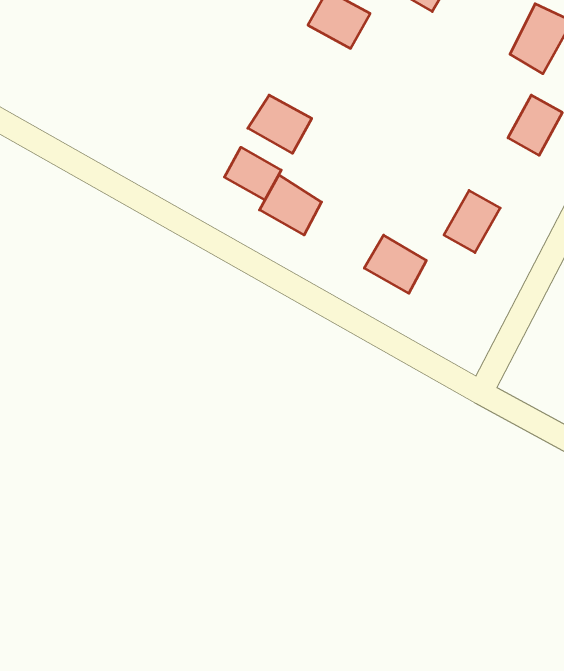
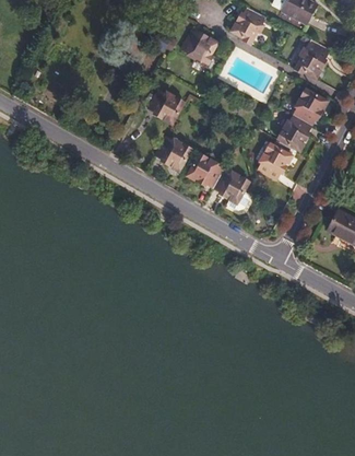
building: none -> [279,114,311,150]
building: [224,147,281,200] -> none
building: none -> [189,155,224,187]

